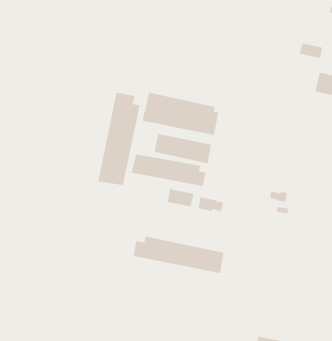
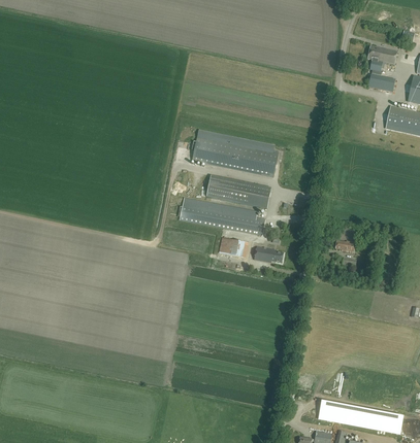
building: none -> [367,44,397,70]
building: [98,92,140,186] -> none
building: [133,236,224,274] -> none

